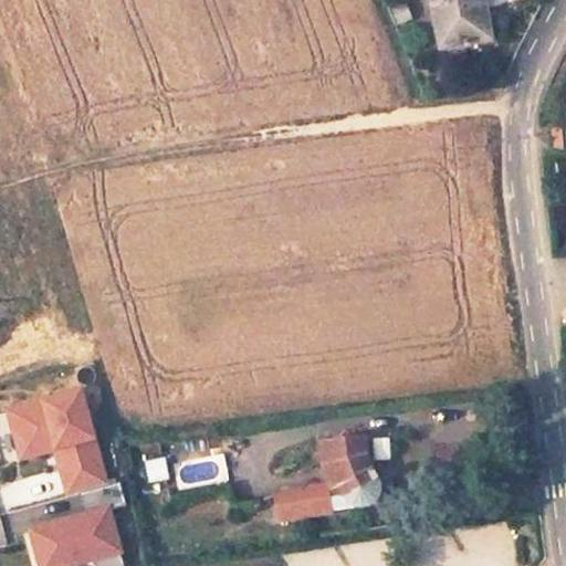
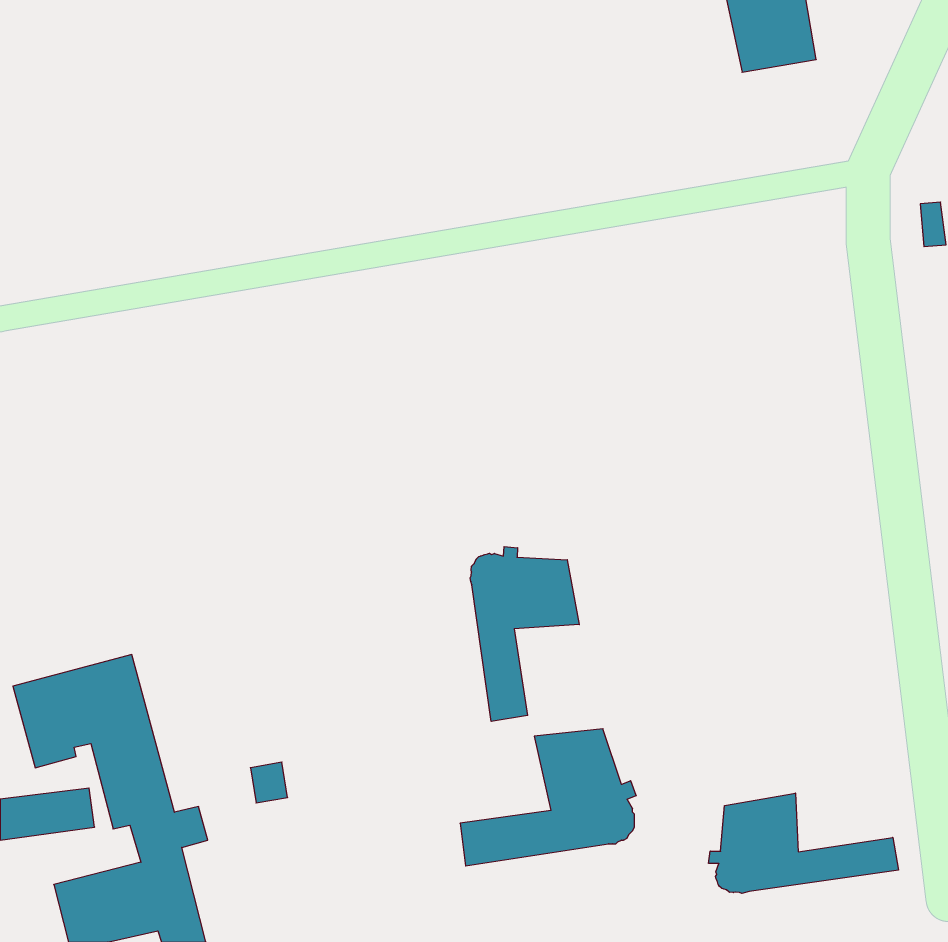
building: none -> [470,547,579,721]
building: none -> [709,793,898,893]

